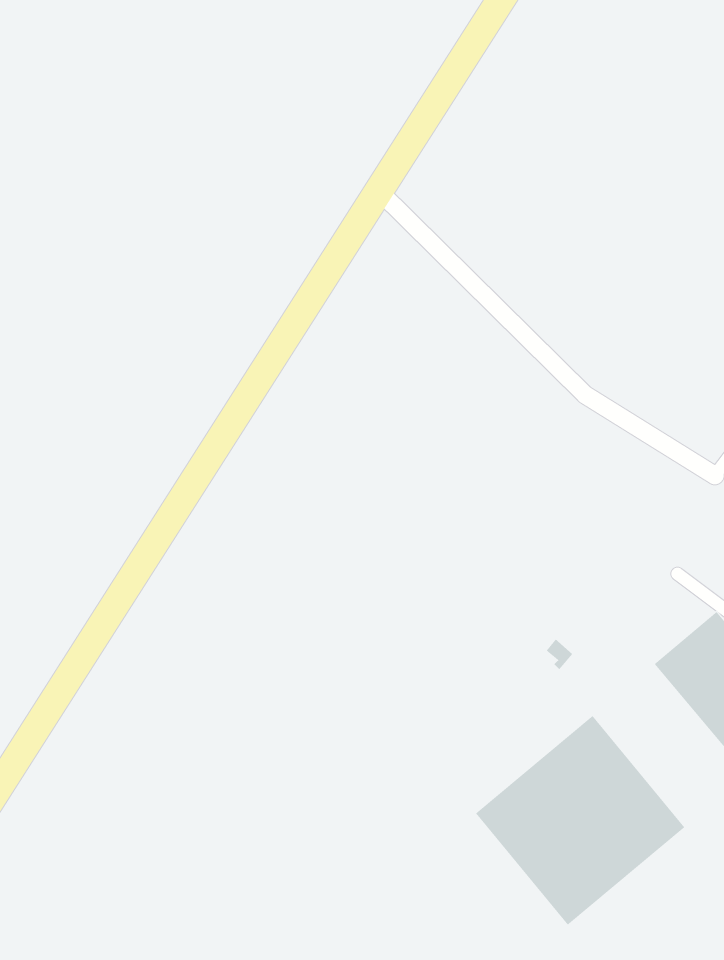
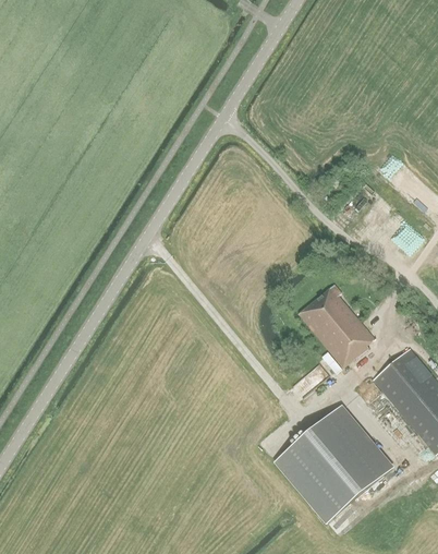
building: none -> [297,284,374,366]

